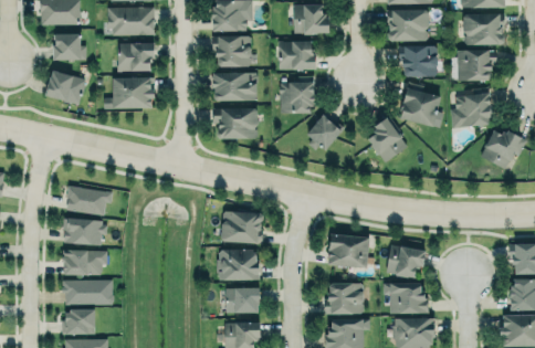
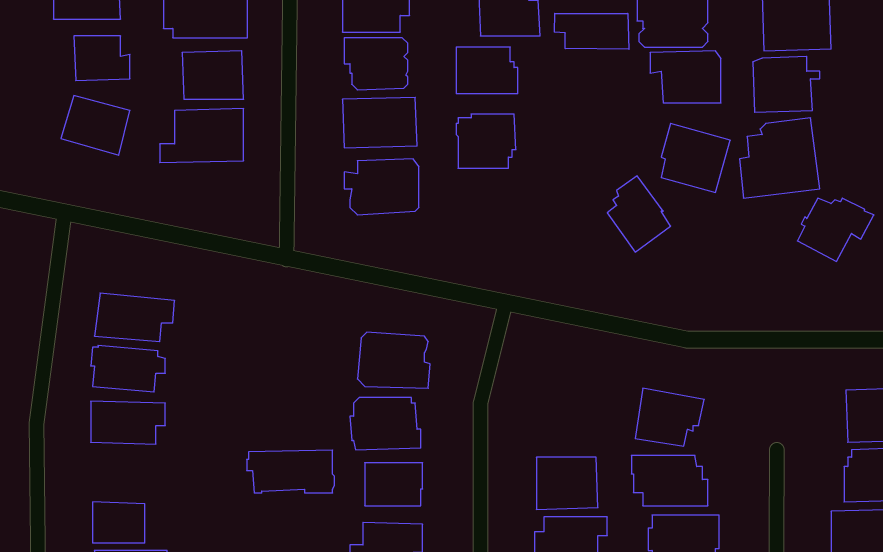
building: none -> [554,13,629,49]
building: [307,114,345,150] -> none
building: [328,235,369,267] -> none
building: [62,280,114,305] -> [247,450,334,493]

